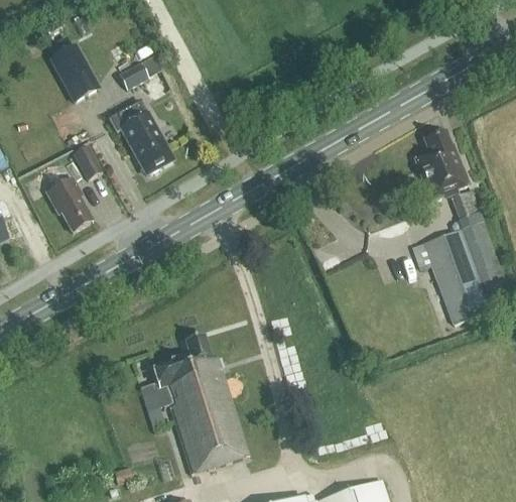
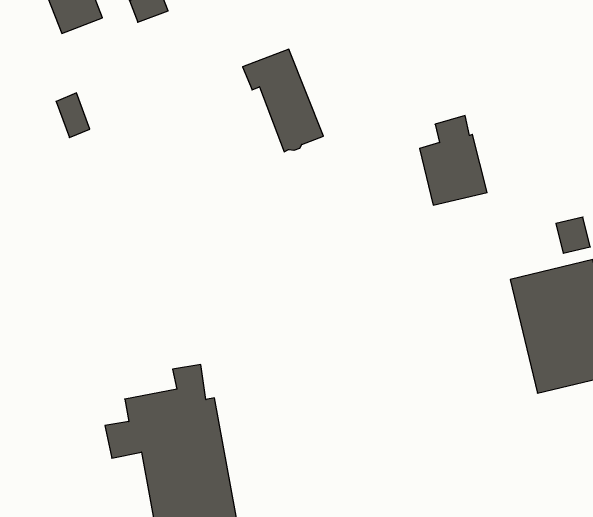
building: [107,98,172,173] -> [243,49,323,152]
building: [414,129,468,198] -> [420,116,487,205]
building: [46,176,91,230] -> none

